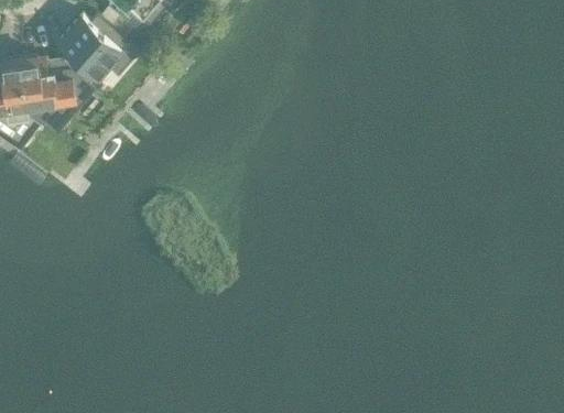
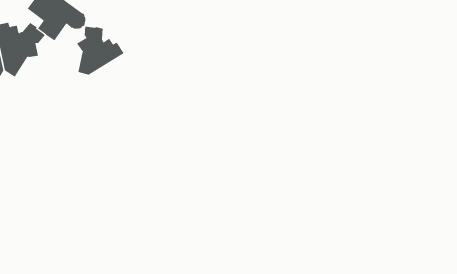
building: none -> [76,26,124,76]

